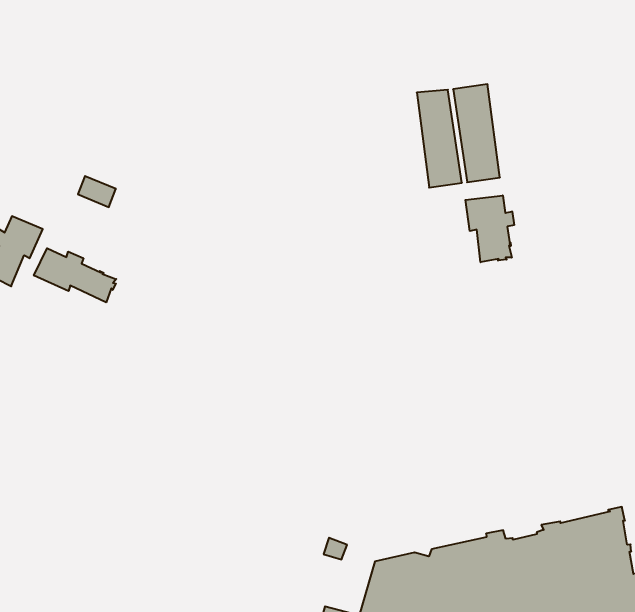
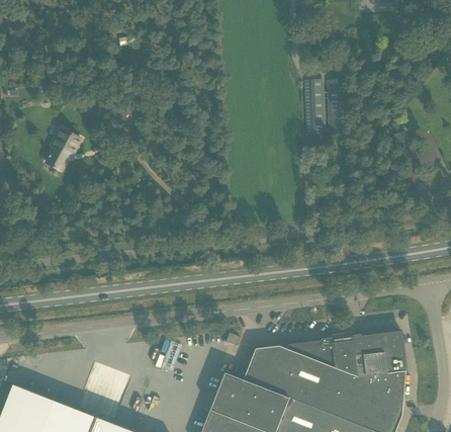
building: [465,195,514,262] -> none
building: [34,248,116,302] -> none

